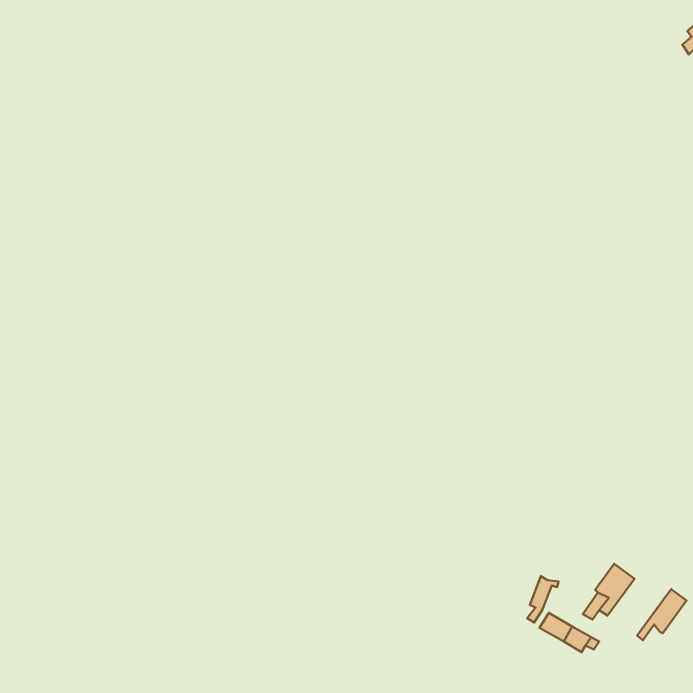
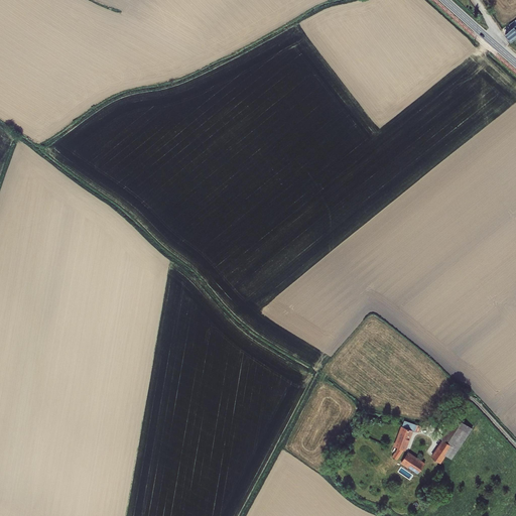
building: [637,589,687,640] -> none

